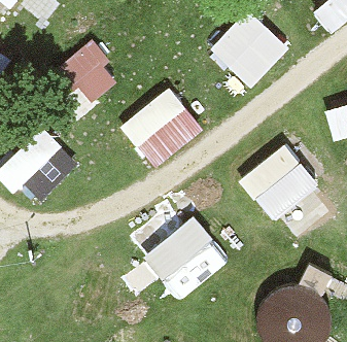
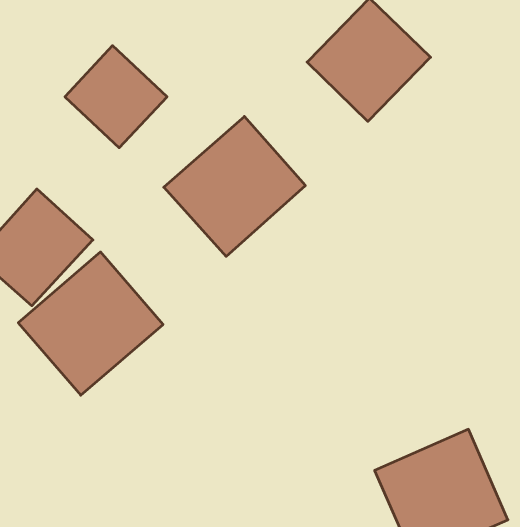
building: [239,141,321,224] -> none
building: [140,214,231,304] -> [18,252,163,395]

